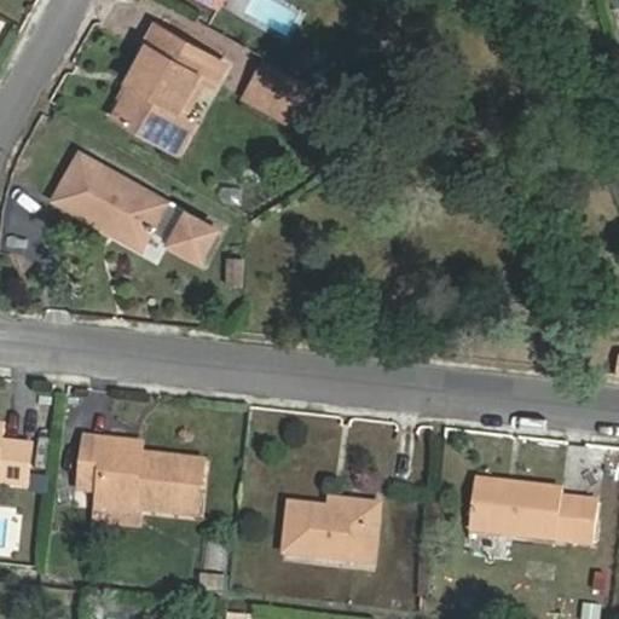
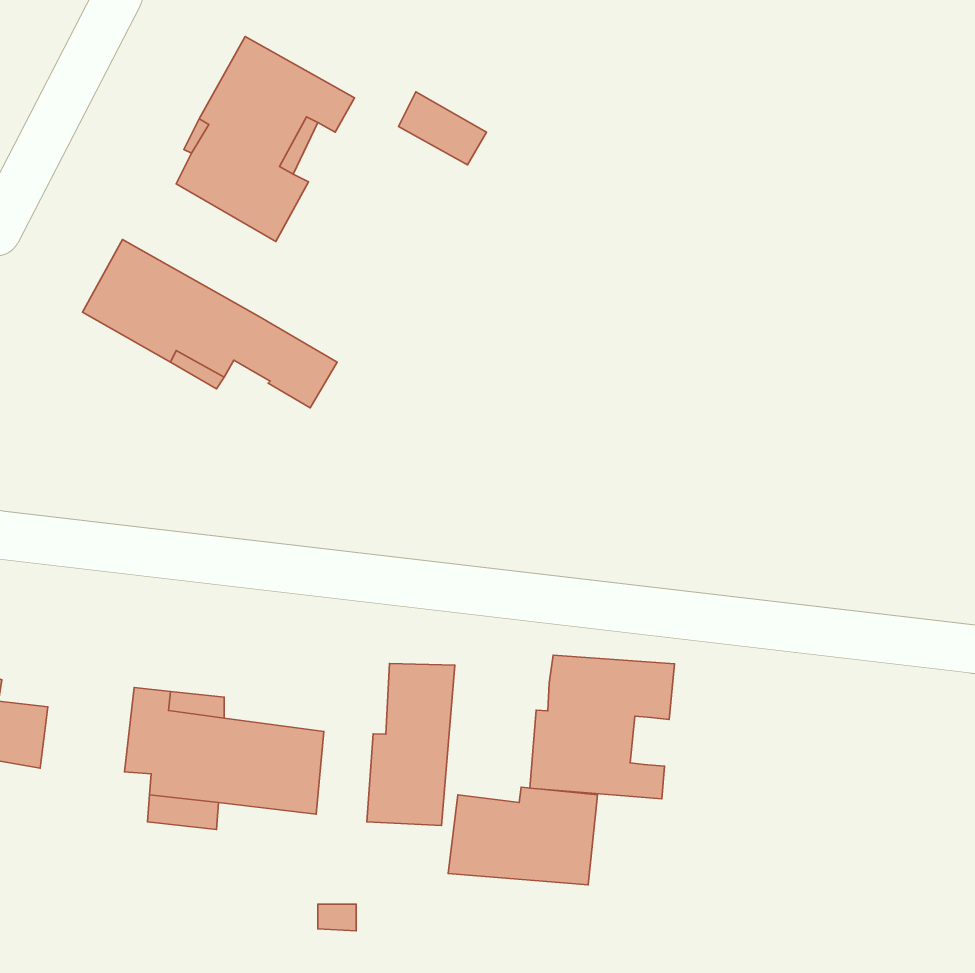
building: none -> [530,655,674,799]
building: none -> [367,664,455,826]
building: [470,482,596,540] -> none

